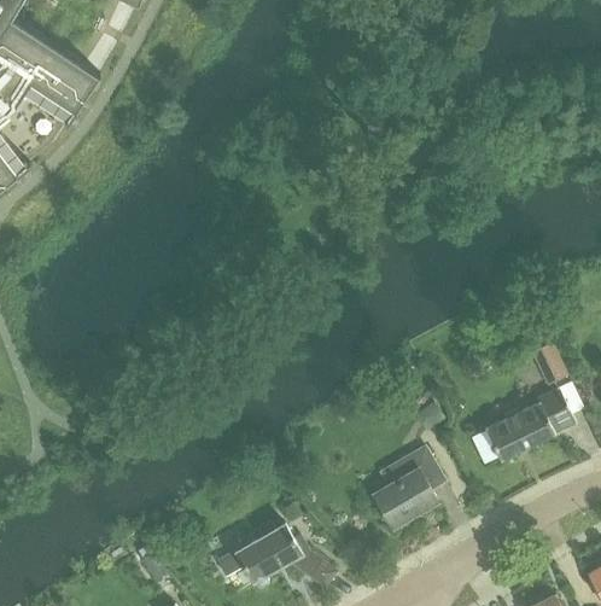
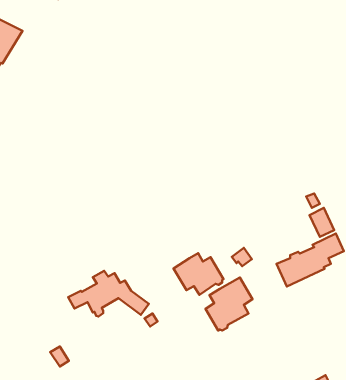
building: none -> [173,253,223,295]
building: [214,518,335,587] -> [68,271,149,317]

